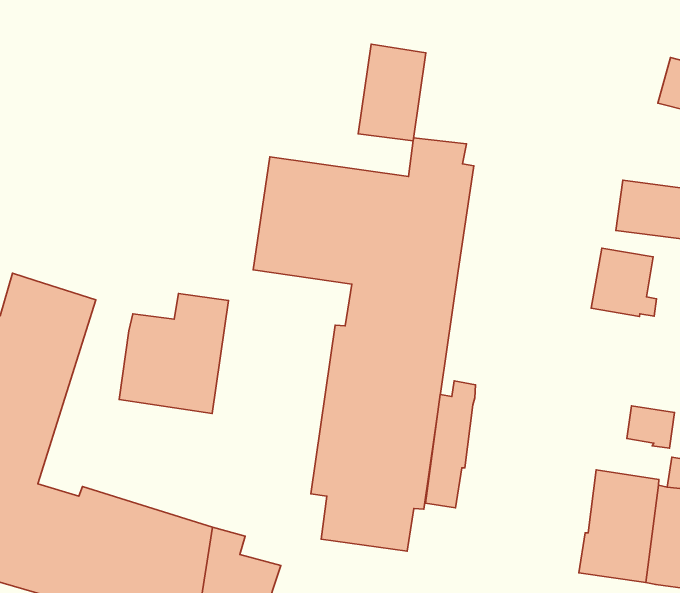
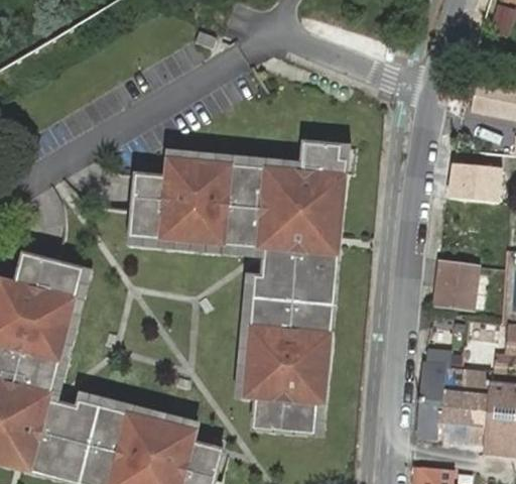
building: [358,44,426,141] -> none
building: [591,248,657,317] -> [434,263,480,310]
building: [119,293,229,414] -> [130,159,203,242]
building: [425,381,475,508] -> [414,352,444,441]

